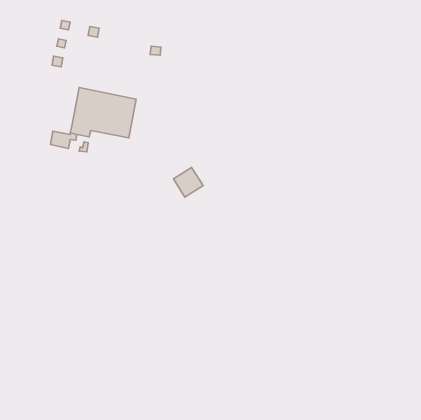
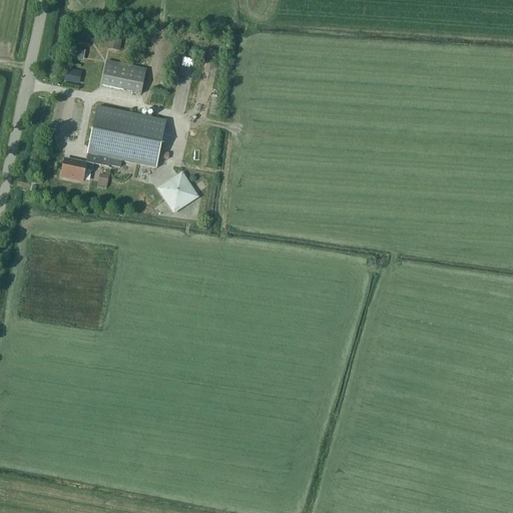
building: none -> [101,60,146,93]
building: [173,167,203,197] -> [159,174,195,210]

